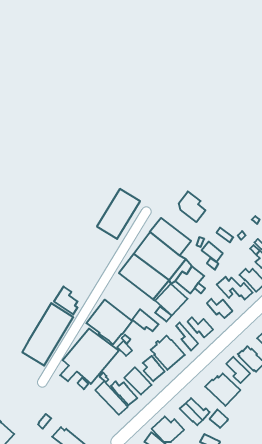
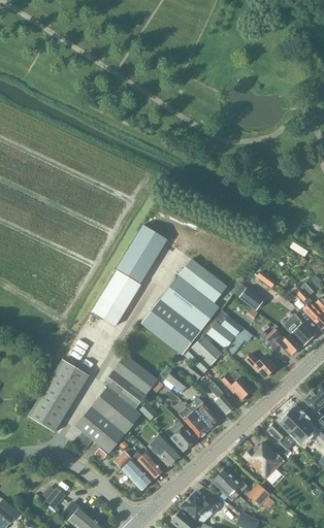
building: [179,191,205,222] -> none
building: none -> [91,271,139,327]

